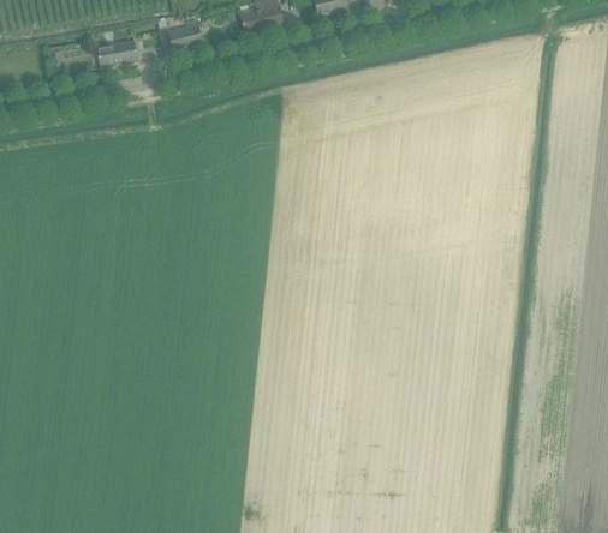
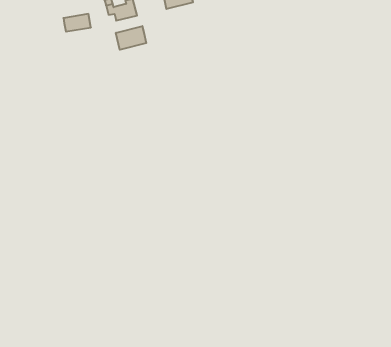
building: none -> [116,26,146,50]

